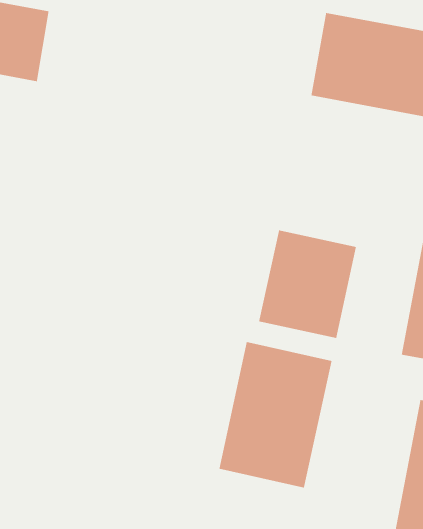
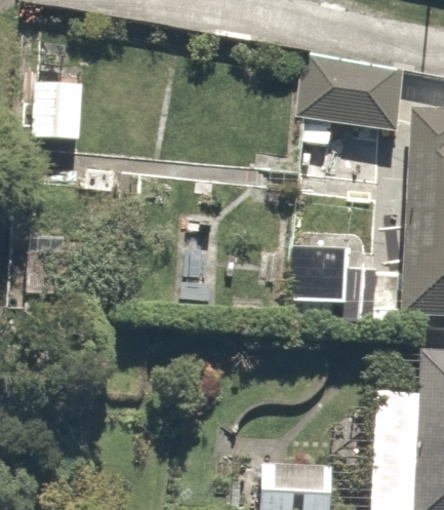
building: [218,341,332,488] -> none

